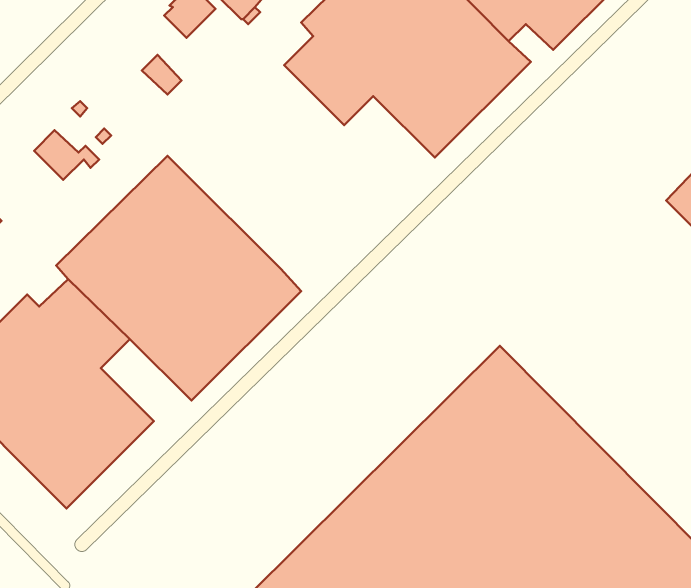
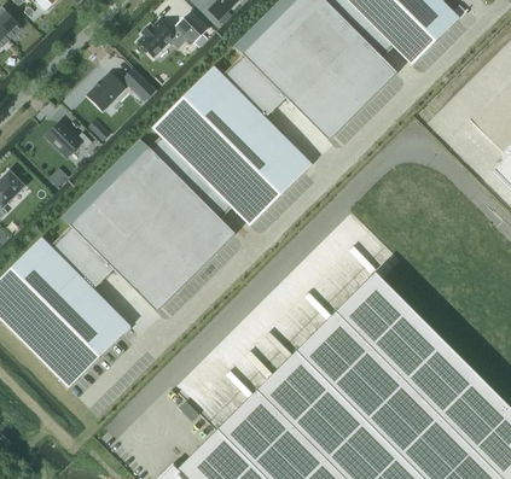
building: none -> [149,66,312,226]
building: none -> [87,71,124,110]

